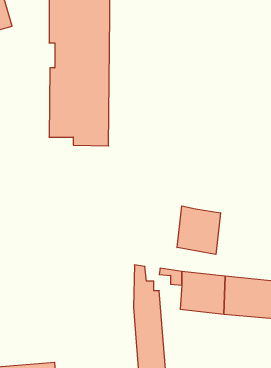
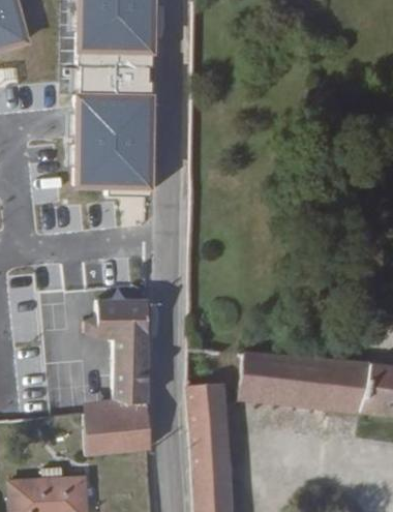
building: [177,206,220,254] -> none
building: none -> [84,296,151,452]

